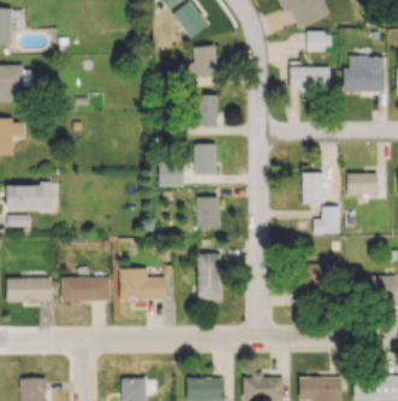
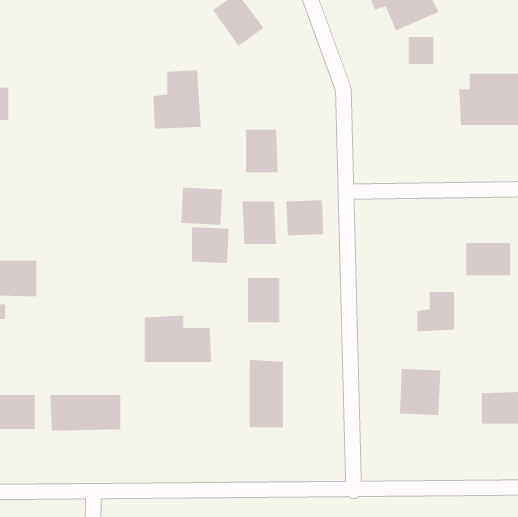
building: [185,46,219,86] -> [153,70,201,129]
building: [291,67,331,89] -> none
building: none -> [181,187,222,225]
building: none -> [286,200,324,236]
building: [303,173,326,203] -> none
building: [120,268,167,300] -> [144,315,212,362]

